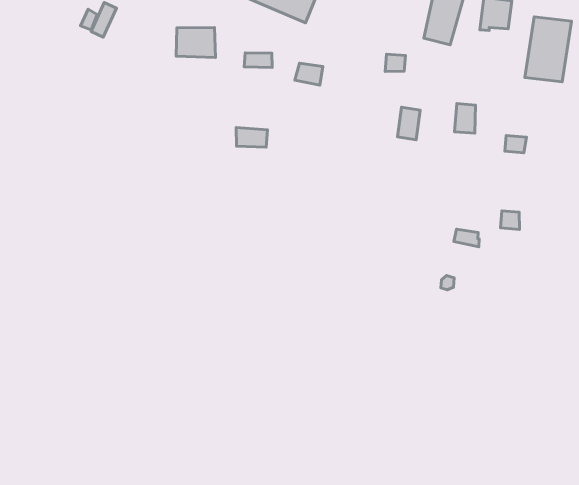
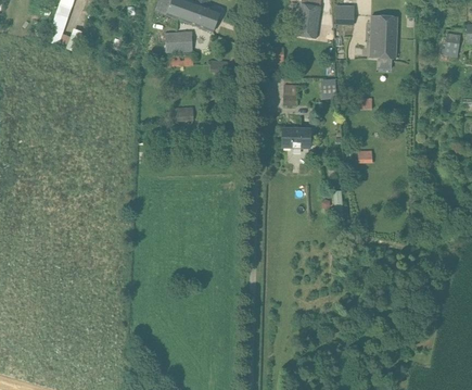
building: [176,28,215,58] -> [165,29,193,51]
building: none -> [282,127,310,148]

